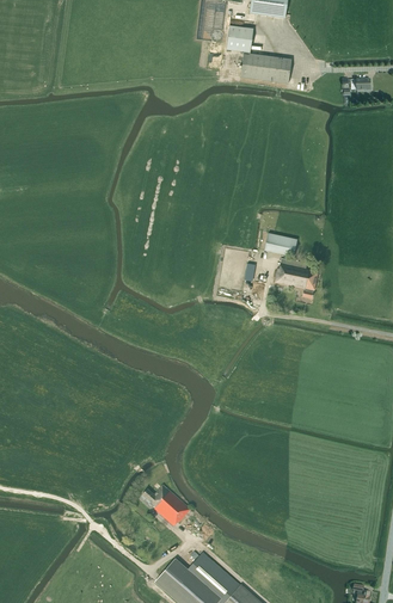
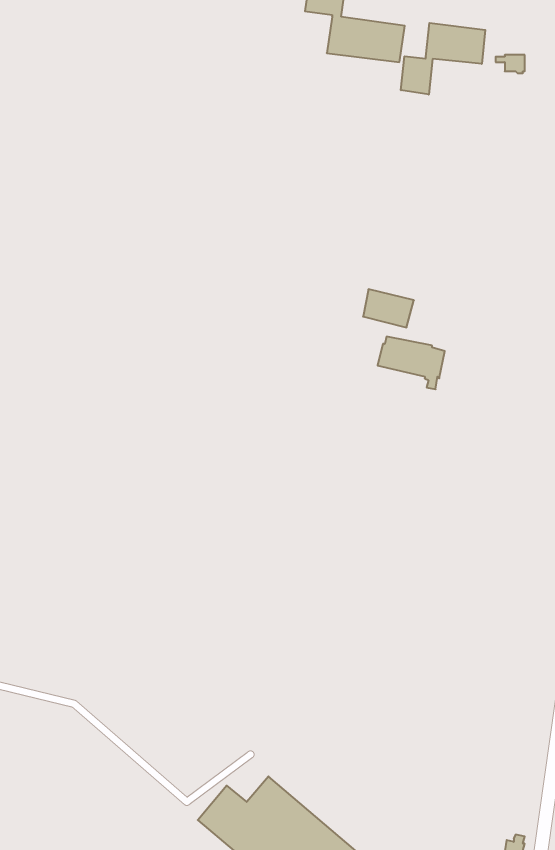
building: none -> [401,23,485,95]
building: [142,485,190,527] -> none

